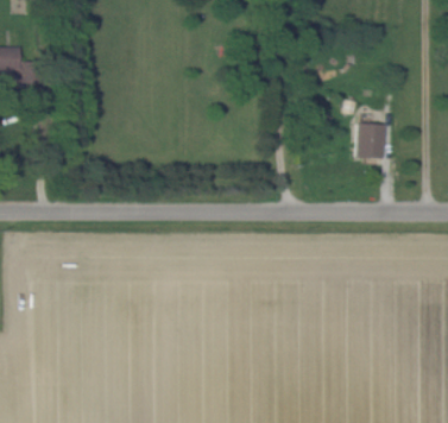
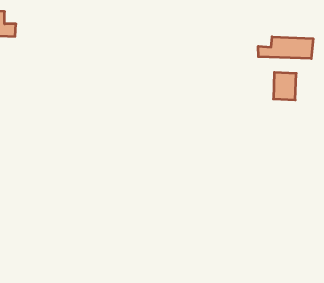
building: none -> [258,37,313,59]

